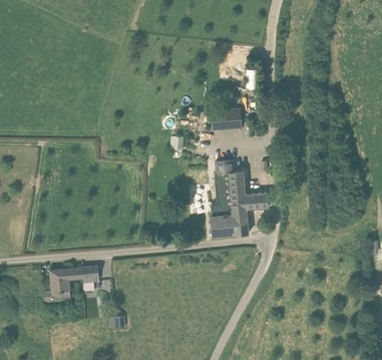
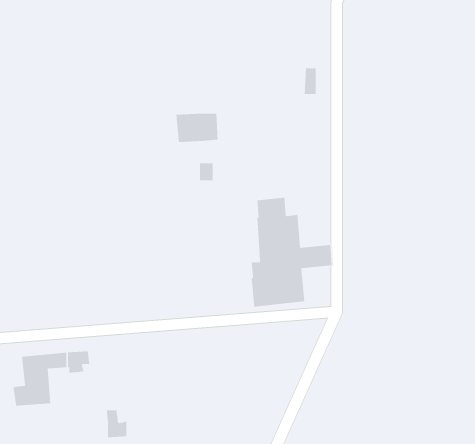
building: [211,108,241,129] -> [175,113,218,143]

